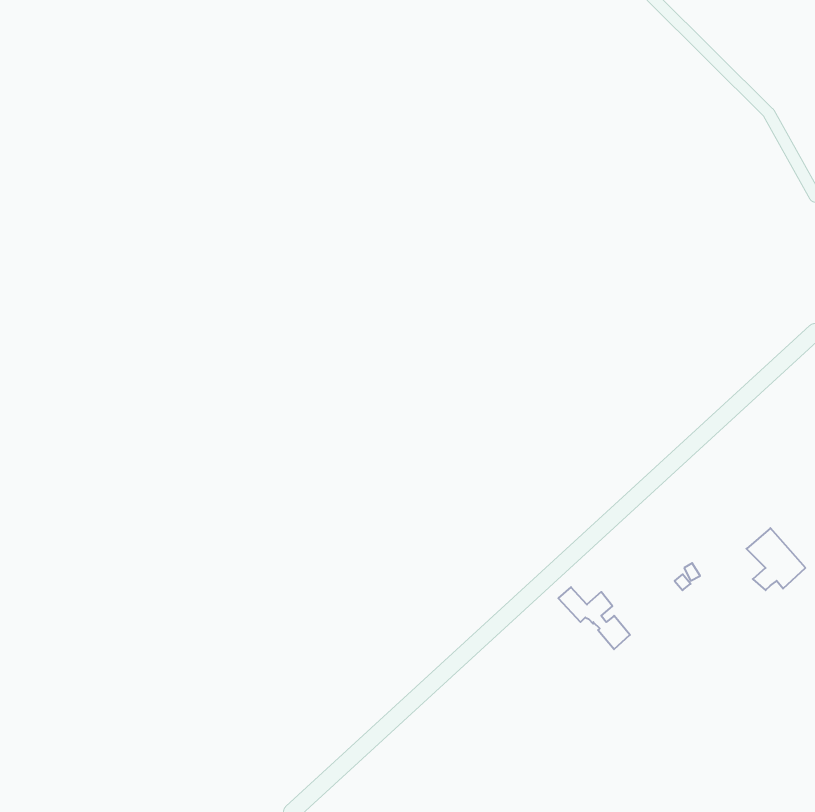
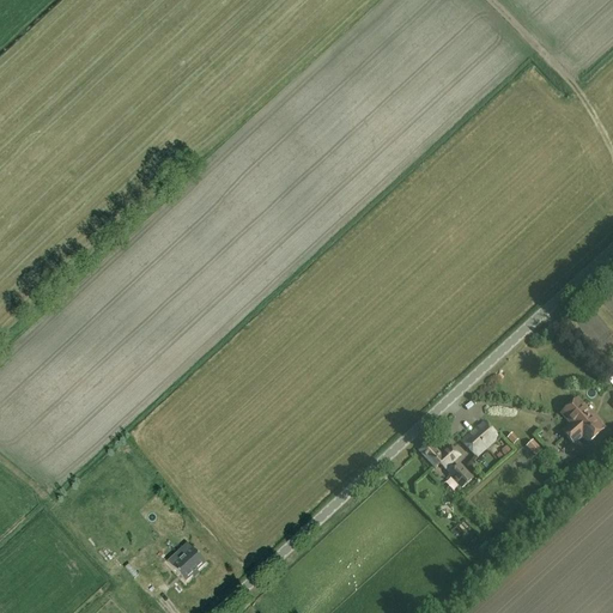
building: none -> [462,419,498,455]
building: none -> [166,547,205,581]

